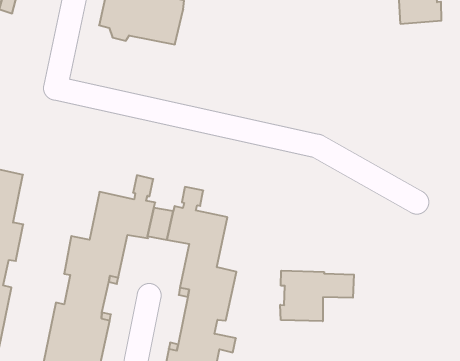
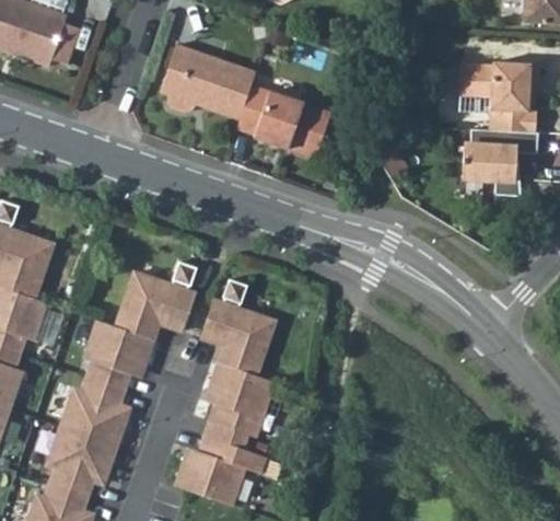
building: none -> [234,83,328,161]
building: none -> [464,128,538,196]
building: [280,271,354,321] -> none

